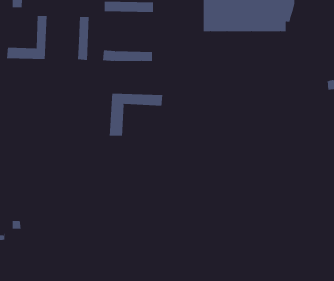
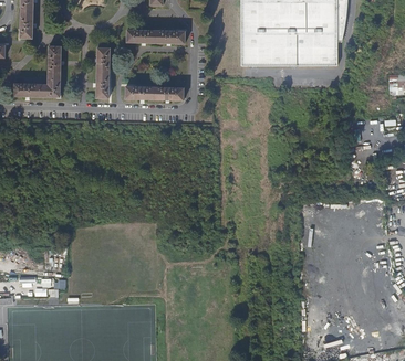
building: [109,93,163,137] -> none

